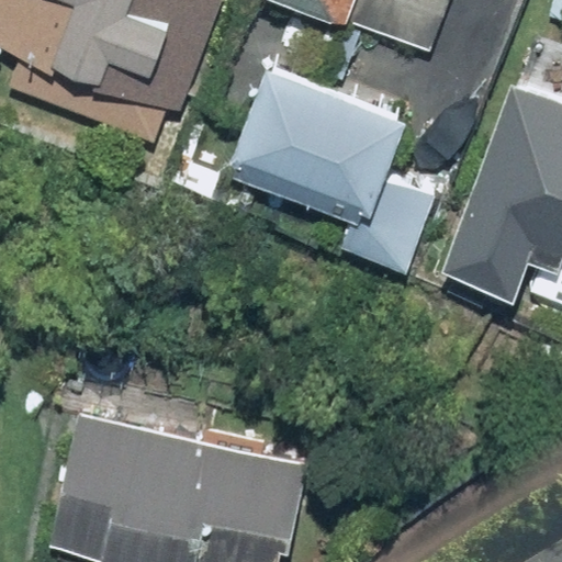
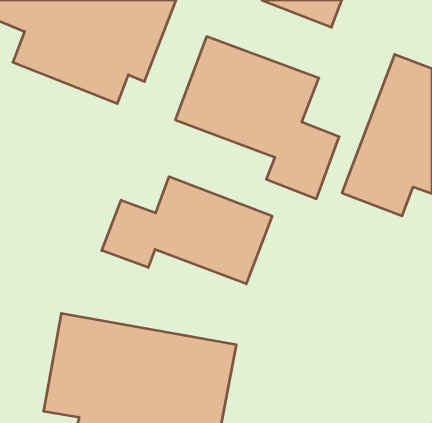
building: none -> [102,177,272,284]

